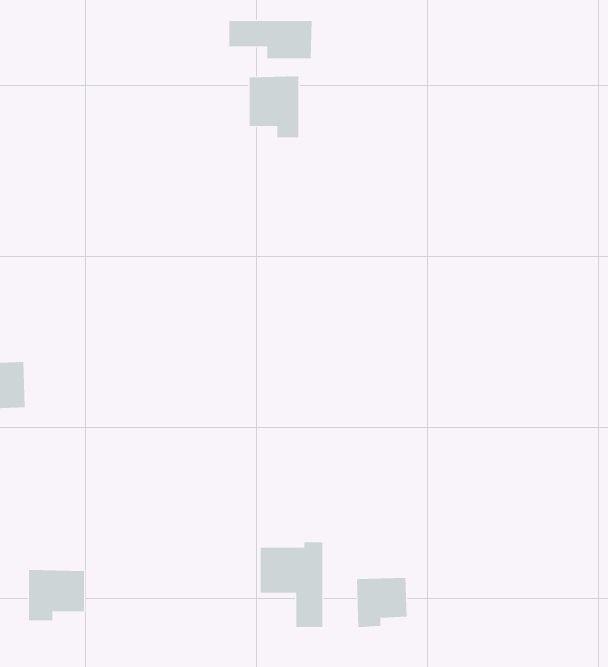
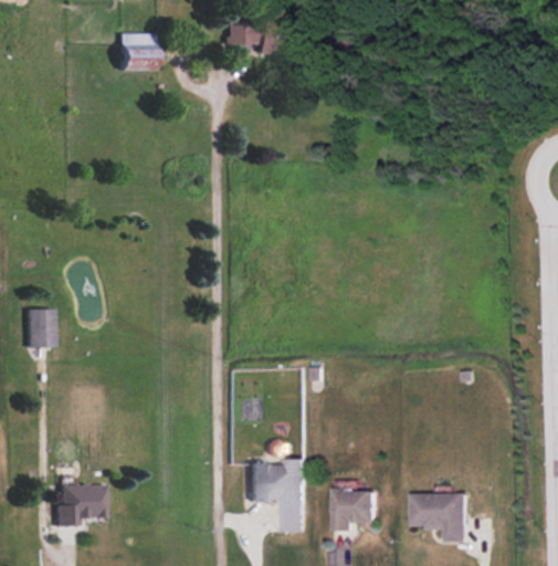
building: none -> [118,34,154,71]
building: [249,75,299,138] -> none
building: none -> [411,493,467,543]

